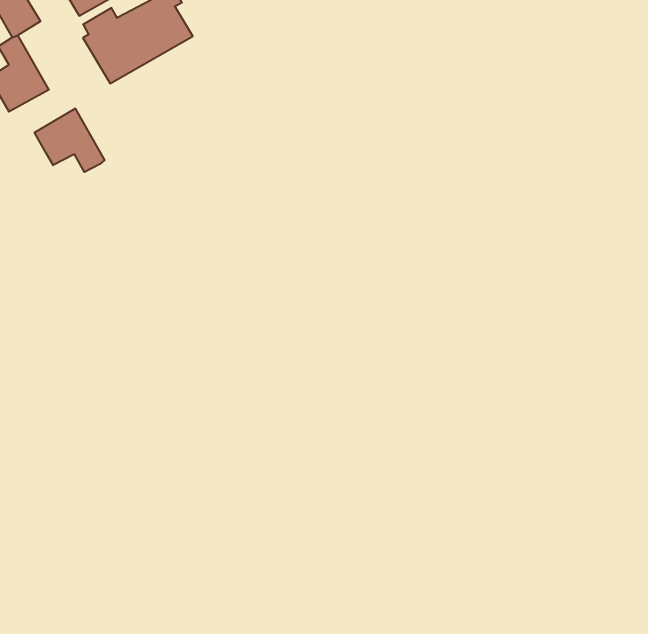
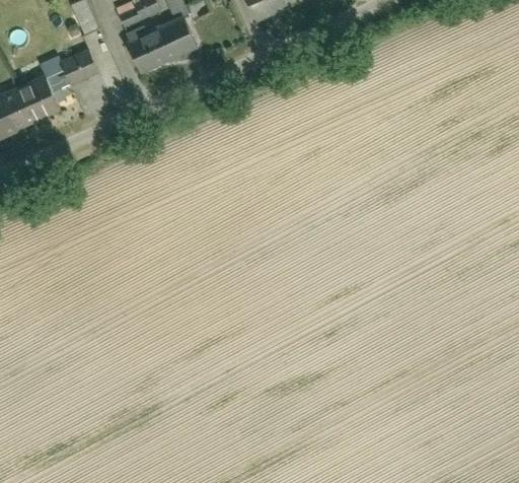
building: [35,108,105,172] -> none

